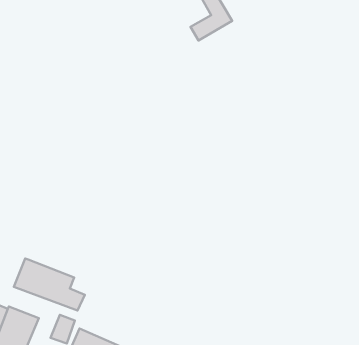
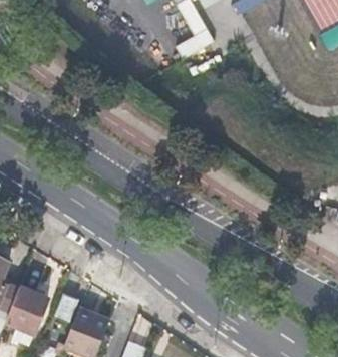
building: [14,259,85,310] -> none

